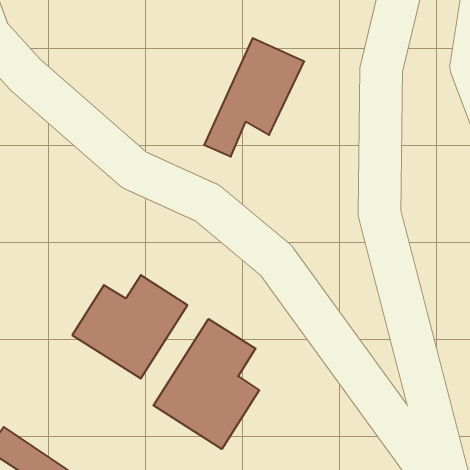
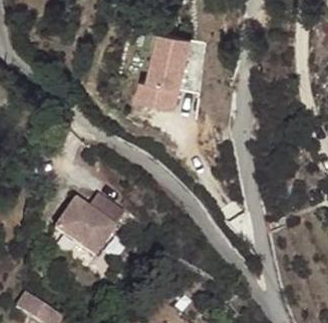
building: [153,319,259,449] -> none

